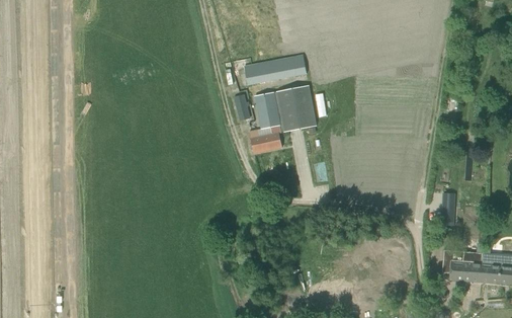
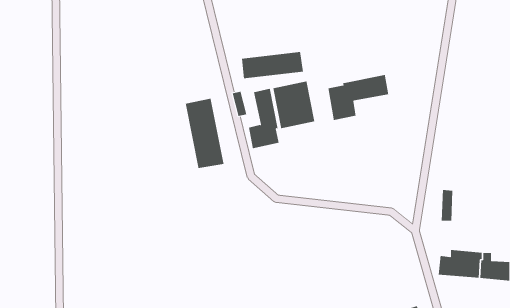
building: none -> [328,74,389,121]
building: none -> [185,98,224,169]

